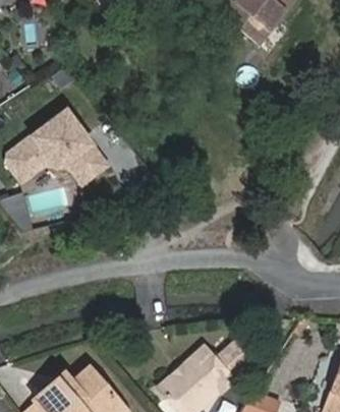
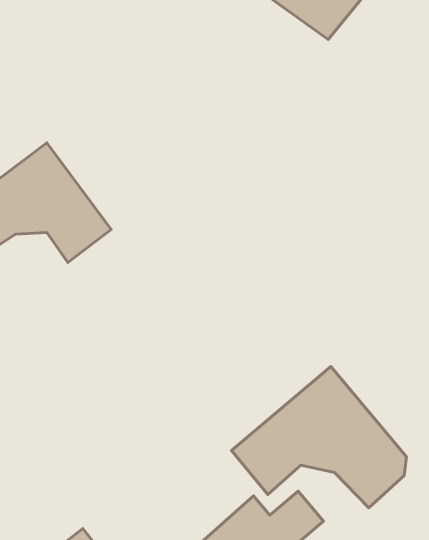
building: none -> [231,366,406,508]

